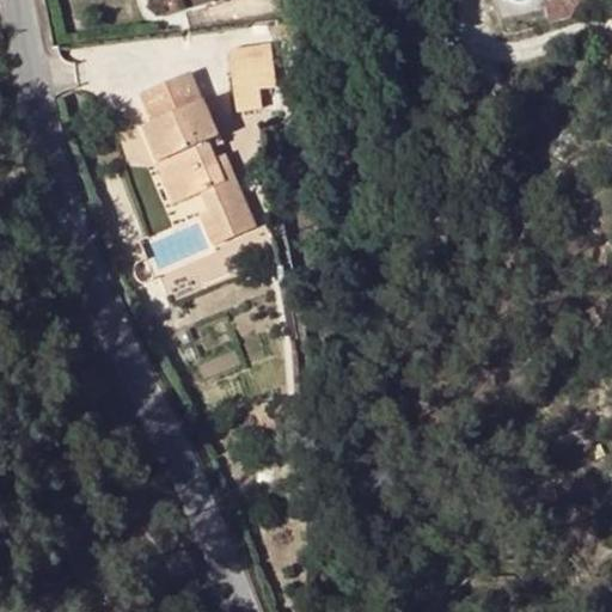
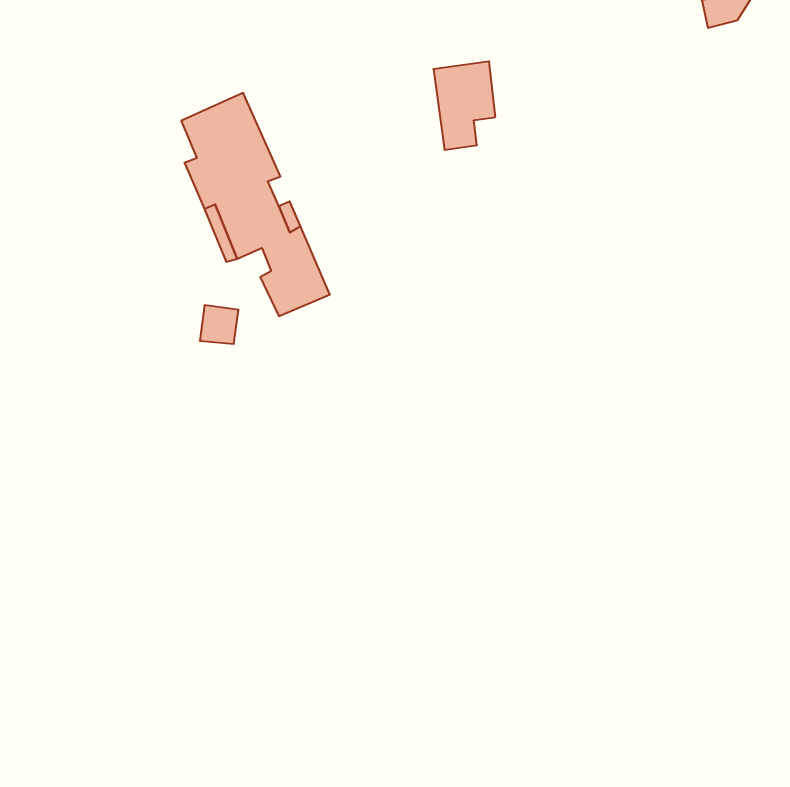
building: [227,43,275,111] -> [433,61,495,150]

